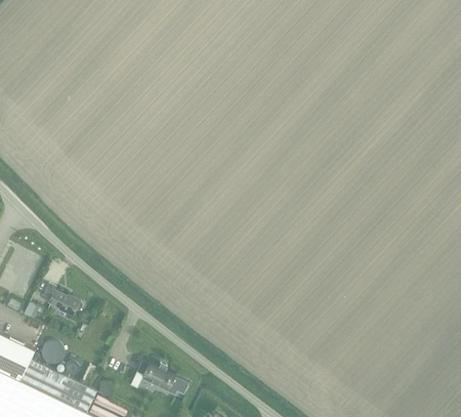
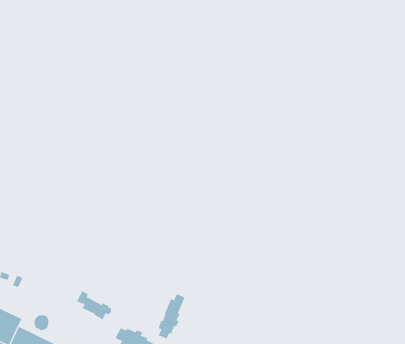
building: [41,284,80,317] -> [76,290,112,320]
building: none -> [158,293,186,340]

